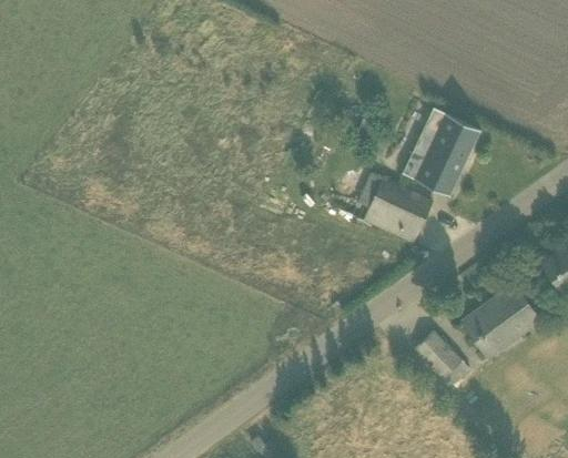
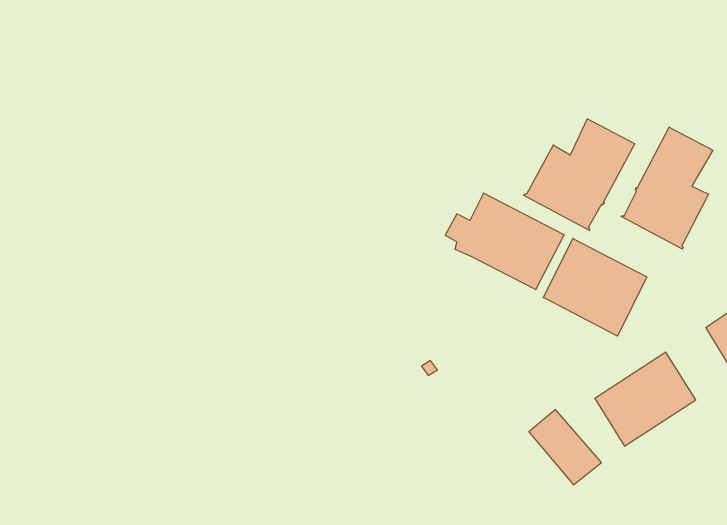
building: none -> [621,127,713,249]
building: none -> [543,238,647,336]

